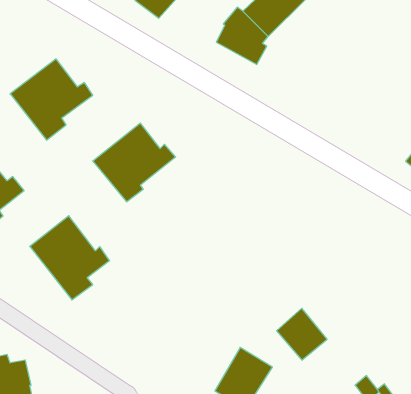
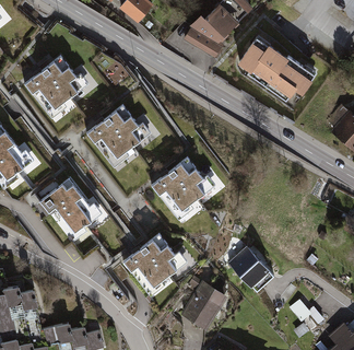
building: none -> [237,35,314,101]
building: none -> [151,155,214,219]
building: none -> [123,233,187,294]

